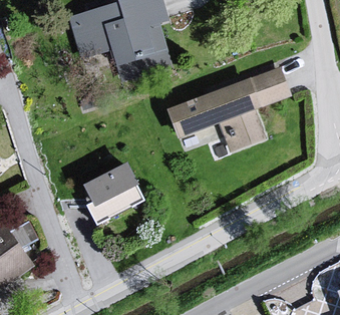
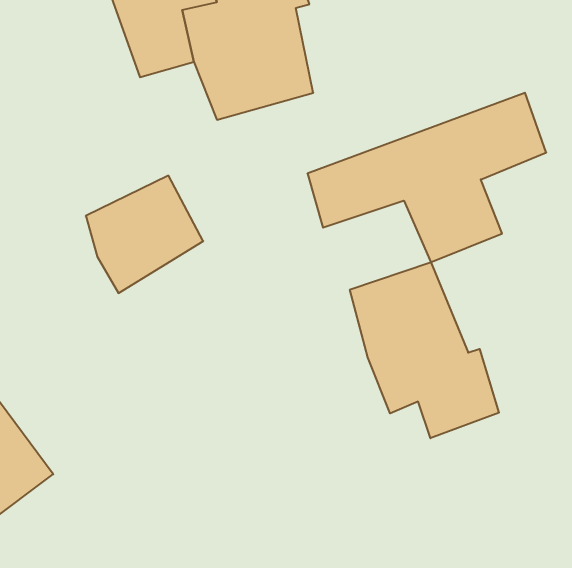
building: none -> [350,262,499,438]
building: [80,166,141,227] -> [86,176,203,293]

